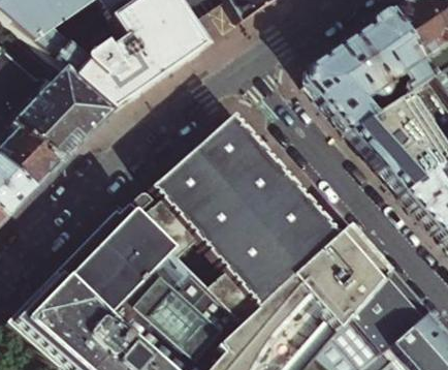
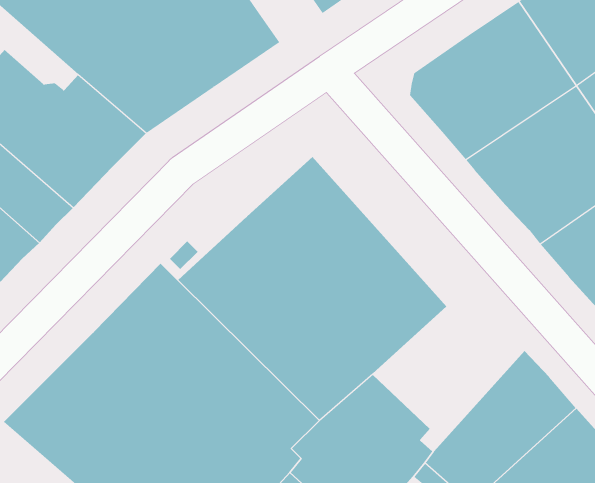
building: [280,222,391,343] -> none

